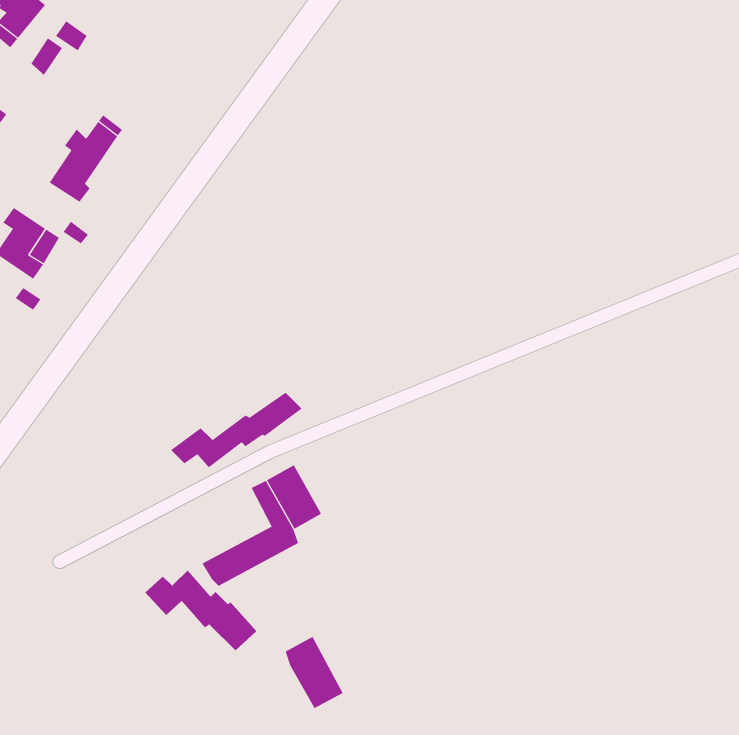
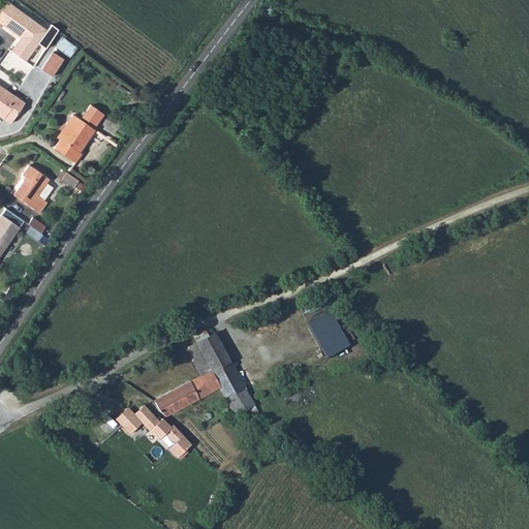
building: [170,392,302,468] -> none
building: none -> [308,312,350,360]
building: [285,636,344,709] -> [216,368,255,416]

